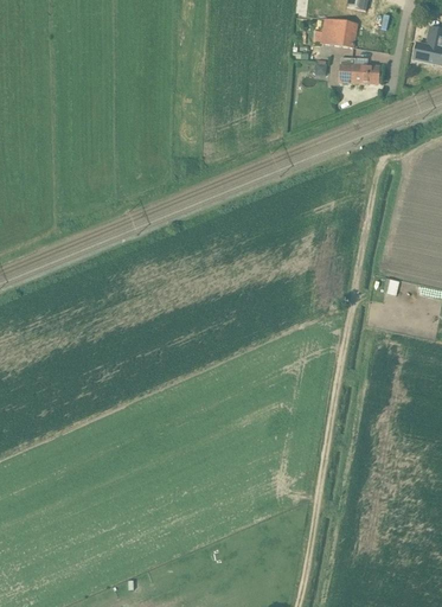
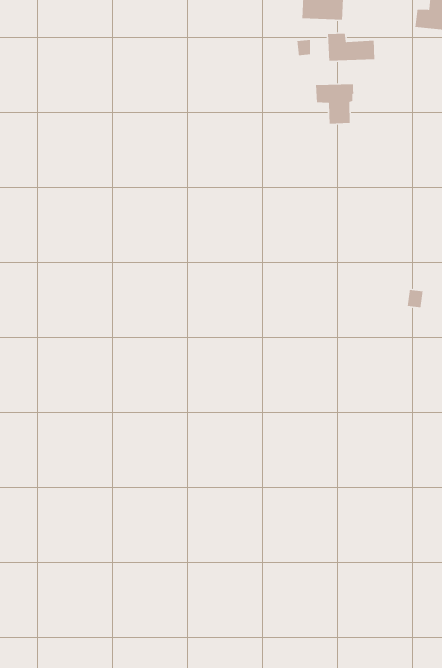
building: none -> [315,84,355,124]

